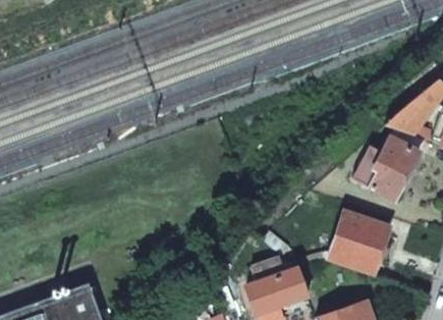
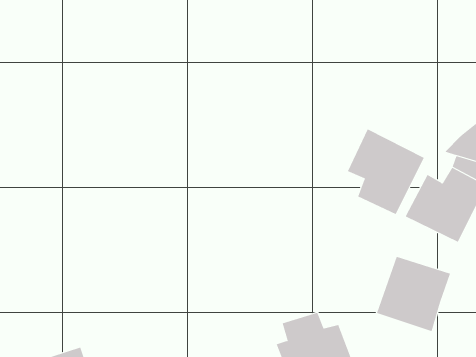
building: none -> [347,128,425,215]

